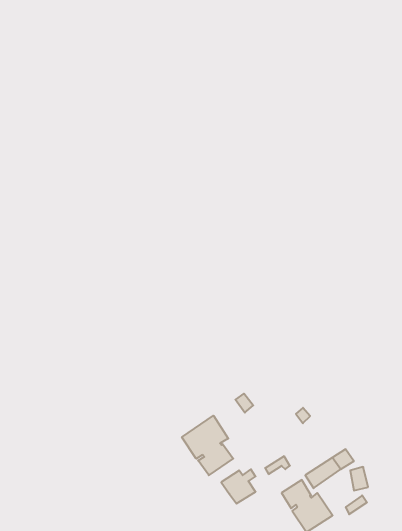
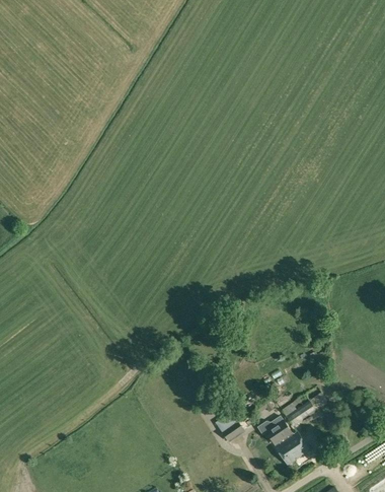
building: [182,416,233,475] -> none

